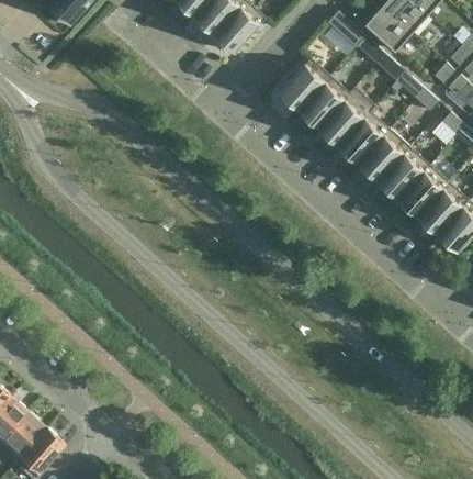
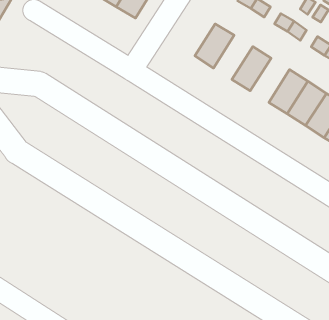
building: [278,58,328,111] -> none
building: [317,89,373,147] -> none
building: [357,130,408,182] -> none

